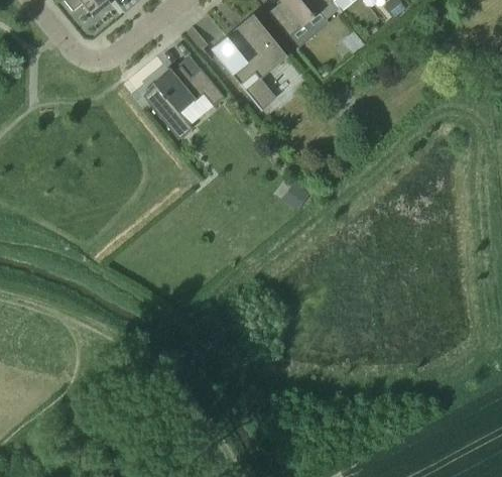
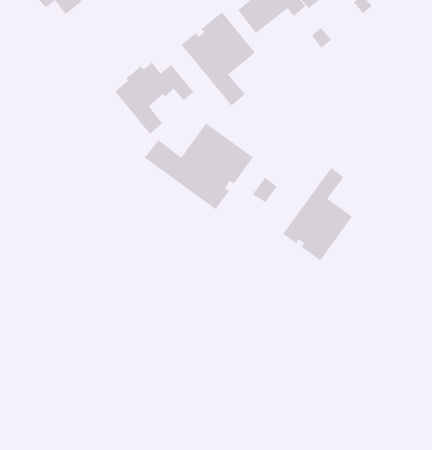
building: none -> [145,122,254,210]
building: none -> [282,167,353,261]

